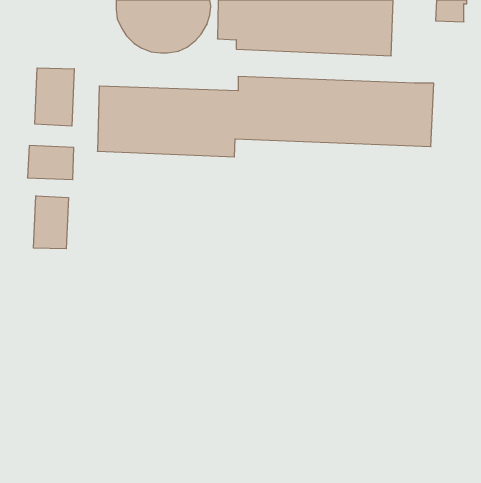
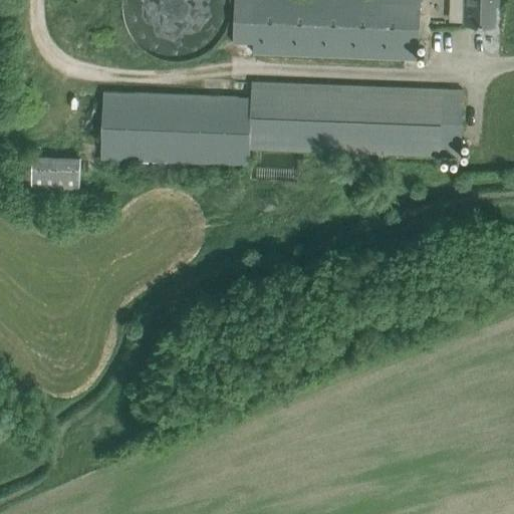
building: [35,68,74,126] -> none
building: [34,196,68,249] -> none

